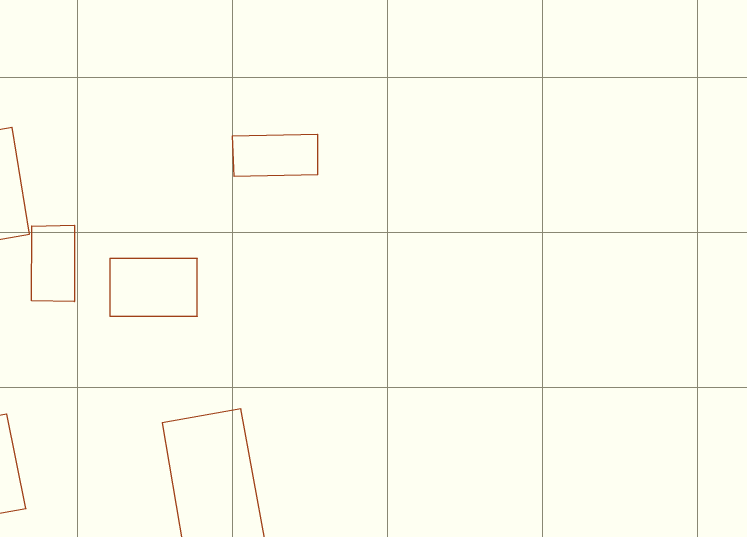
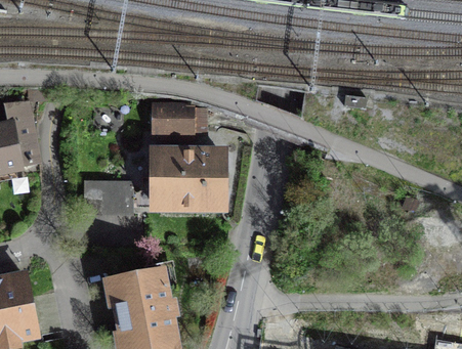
building: none -> [155,152,219,209]
building: [32,225,74,302] -> none

